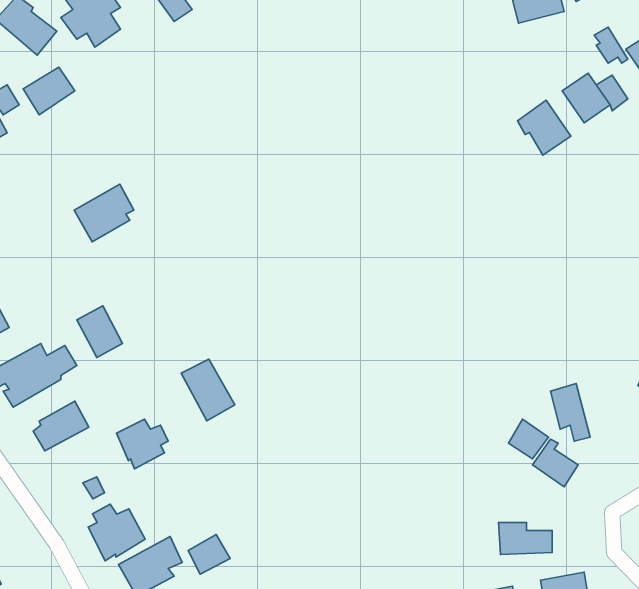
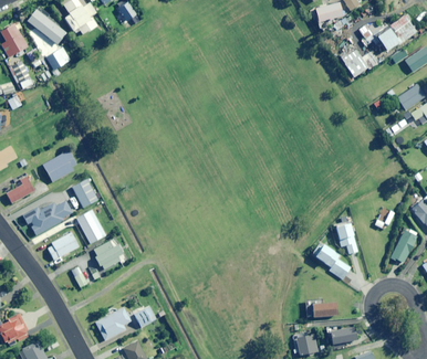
building: [517,100,571,155] -> none
building: [74,184,134,242] -> [43,150,76,182]
building: [181,359,235,421] -> [76,210,106,244]
building: [88,504,145,561] -> none

